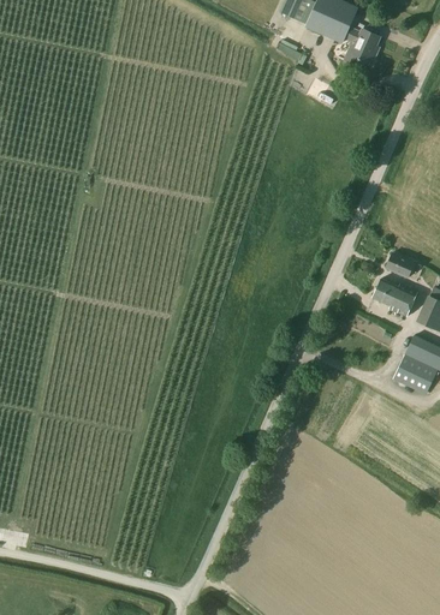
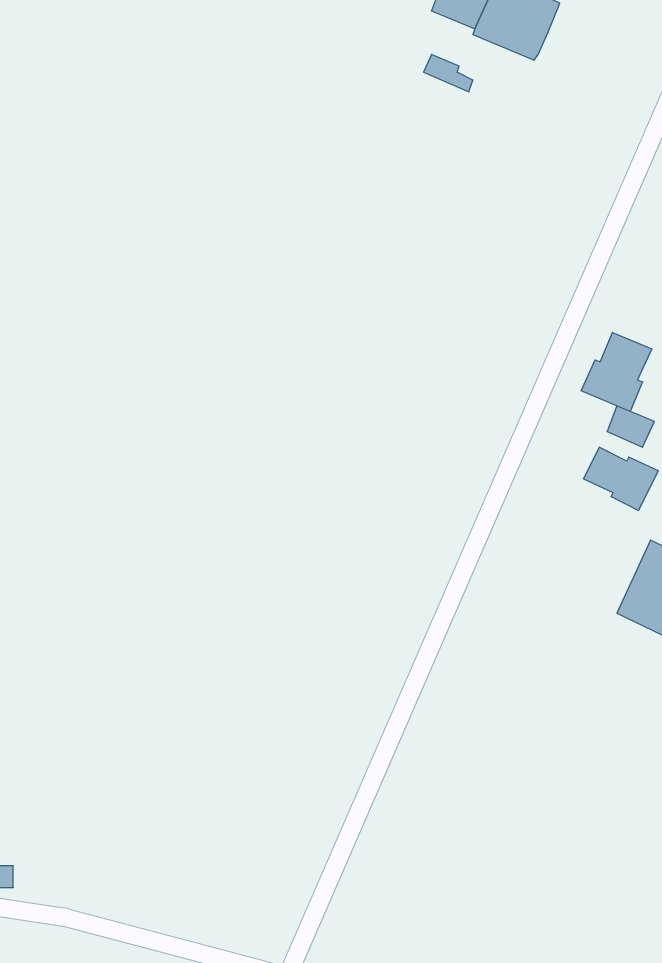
building: [344,25,380,64] -> none
building: none -> [581,332,652,411]

